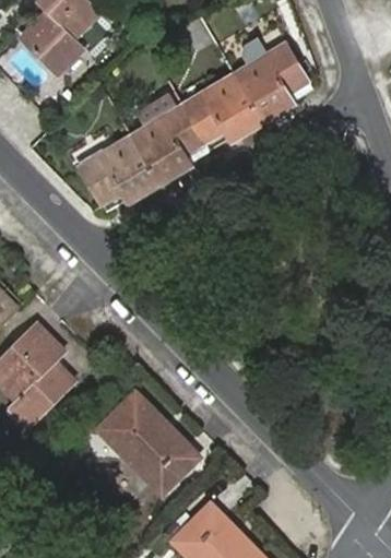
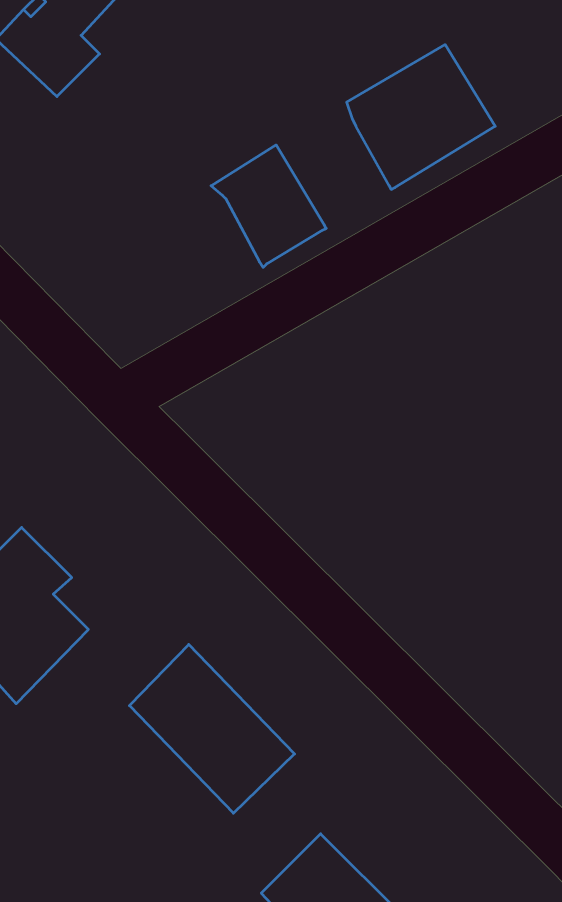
building: [186,74,253,149] -> none
building: [79,123,178,213] -> none

